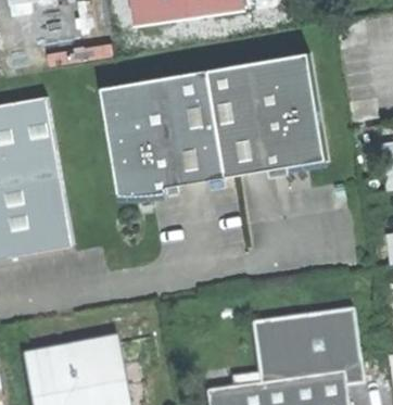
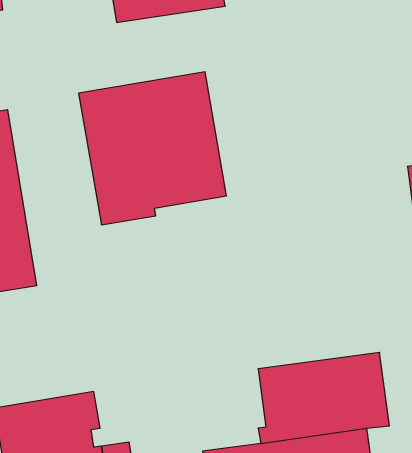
building: [210,50,327,173] -> none

